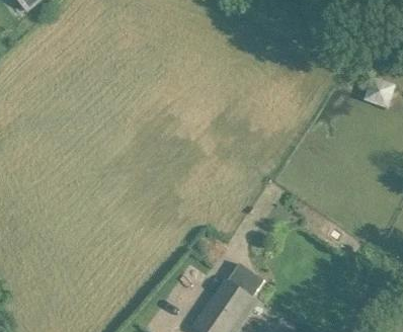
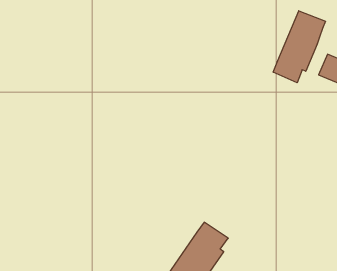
building: none -> [273,11,326,83]

